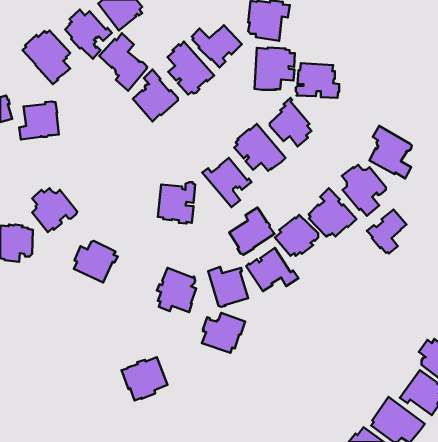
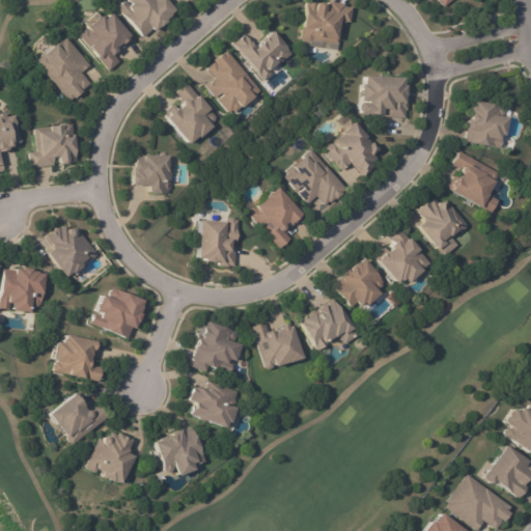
building: [99,33,147,91] -> none
building: [255,48,295,90] -> none
building: none -> [465,97,506,145]
building: none -> [131,155,175,193]
building: [229,207,274,255] -> none
building: [367,209,407,253] -> none
building: none -> [55,335,109,383]
building: [202,313,245,353] -> [190,383,242,430]
building: none -> [46,391,110,445]
building: none -> [89,429,136,484]

